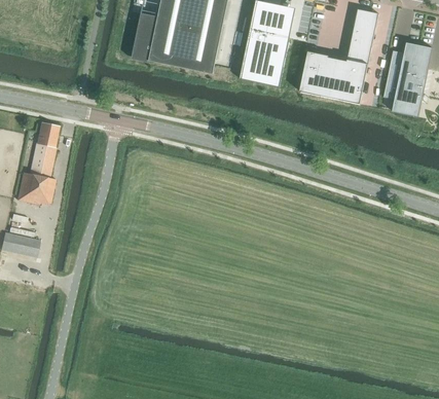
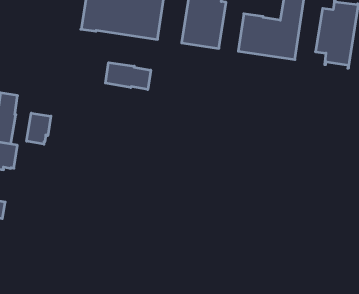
building: none -> [105,63,151,90]
building: none -> [27,113,51,144]

